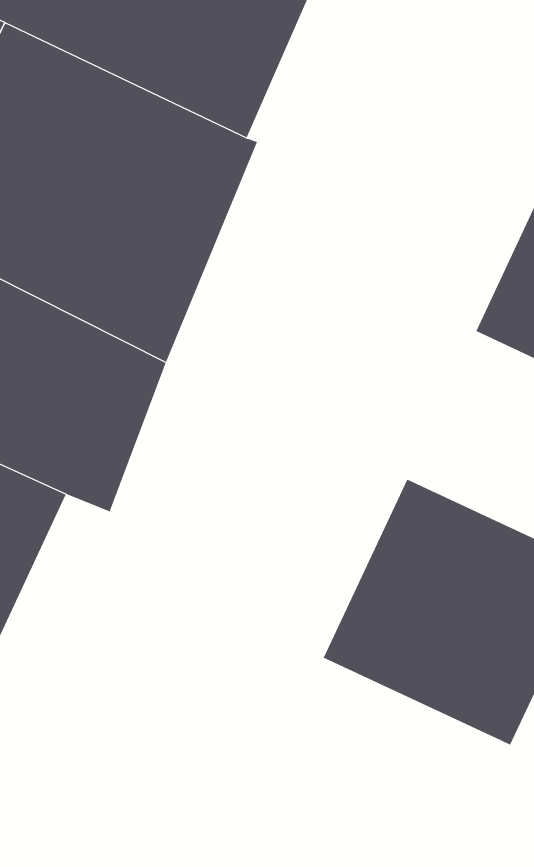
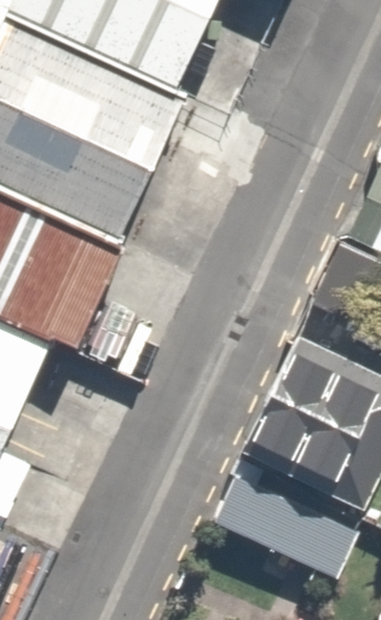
building: none -> [201,455,353,578]

